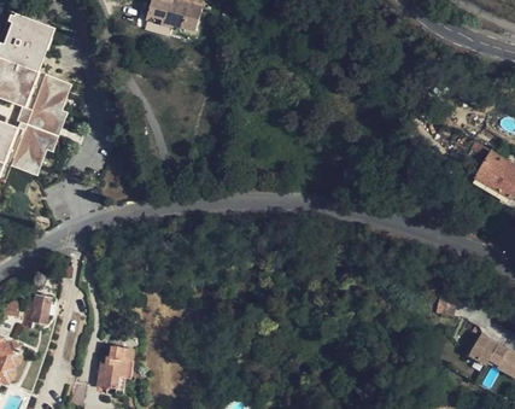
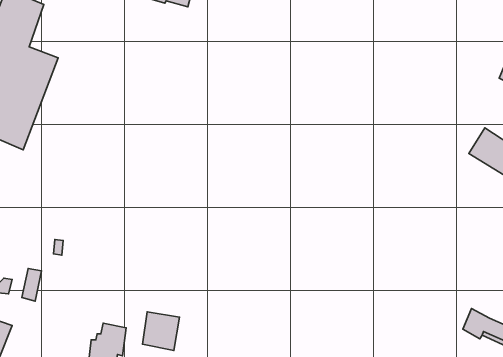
building: none -> [142,312,179,350]

